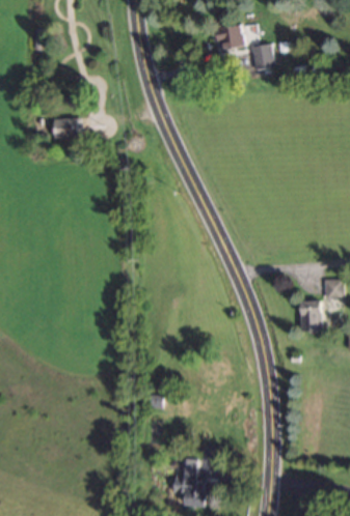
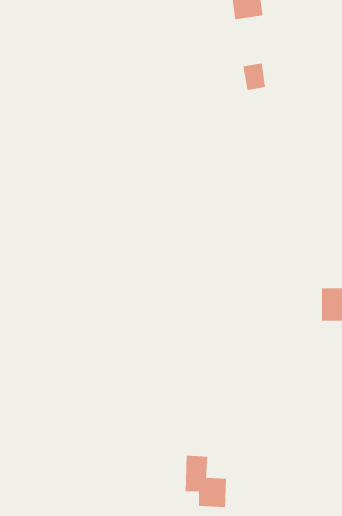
building: [251,45,273,70] -> [243,63,266,90]
building: [53,117,77,137] -> none

